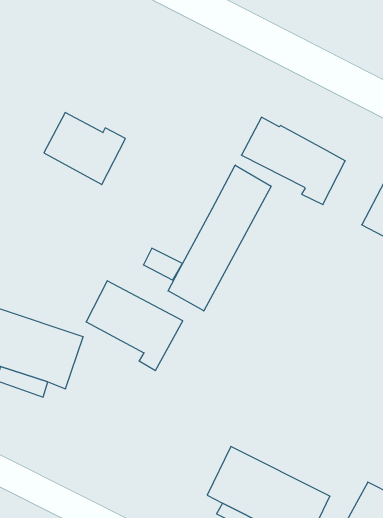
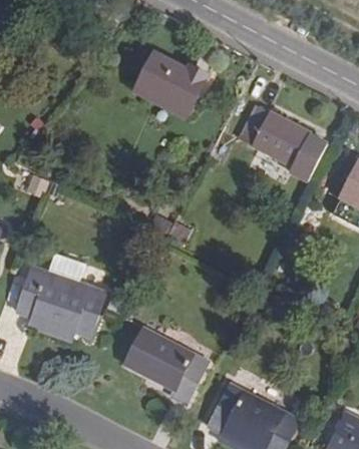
building: [44,113,125,185] -> [136,52,206,113]
building: [168,165,271,311] -> none
building: [86,281,183,370] -> [124,328,207,404]

